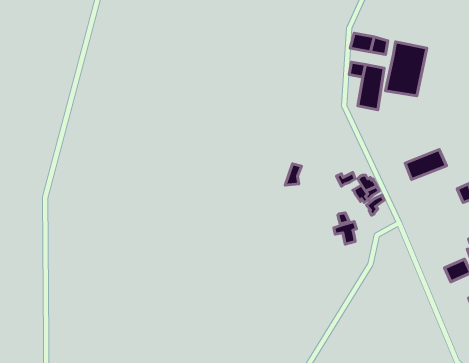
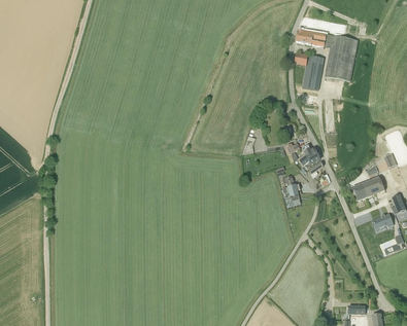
building: [405,150,447,180] -> [351,175,385,200]

